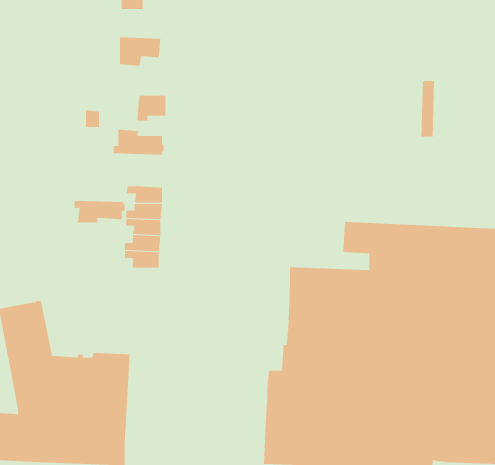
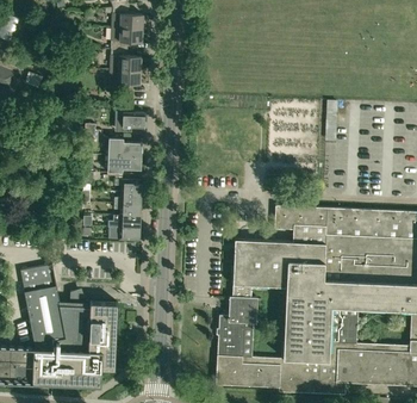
building: none -> [110,49,142,70]
building: [74,200,126,223] -> [105,155,143,172]

